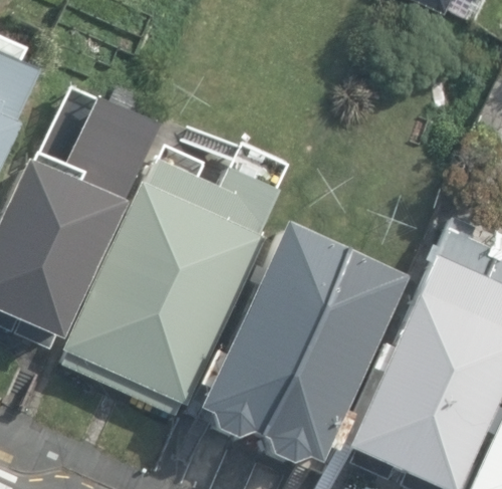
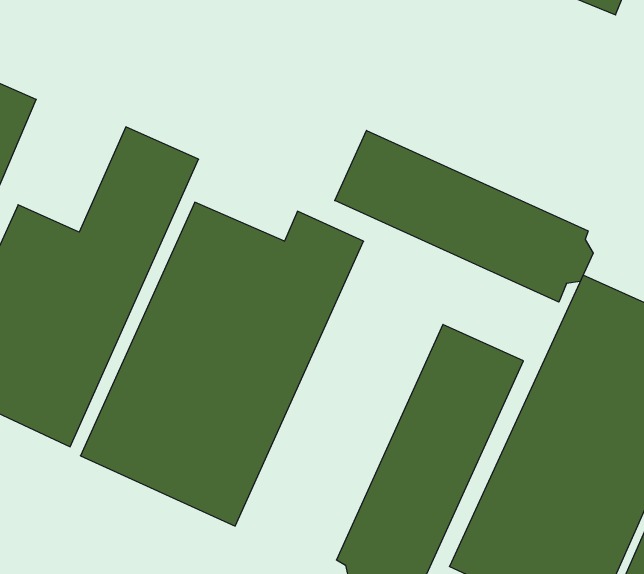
building: none -> [335,130,593,302]
building: [202,226,345,436] -> none

